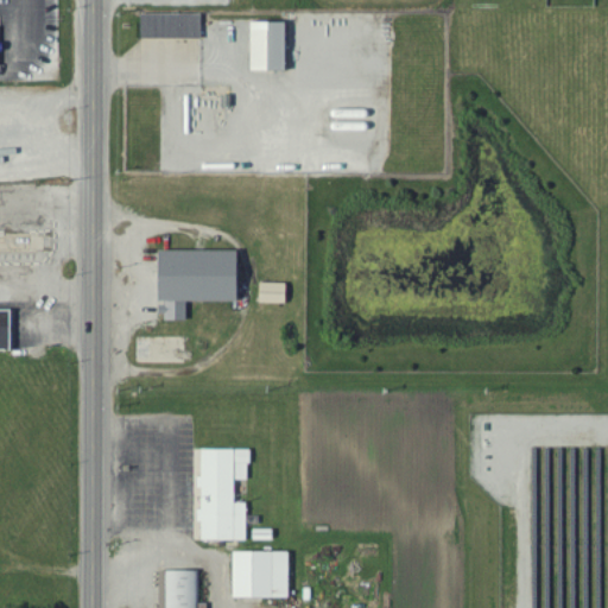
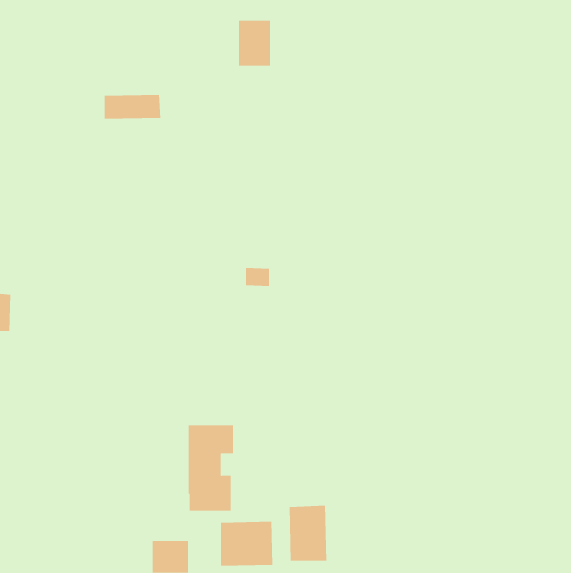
building: [140,13,201,39] -> [104,95,161,119]
building: [158,249,240,318] -> none
building: none -> [289,505,327,562]

